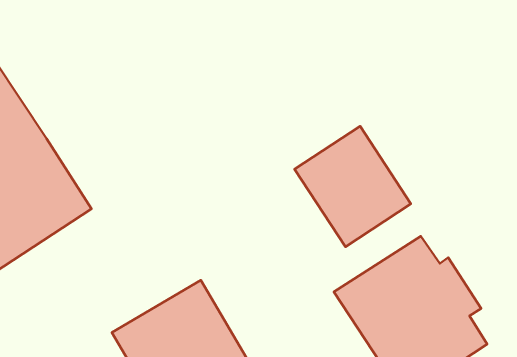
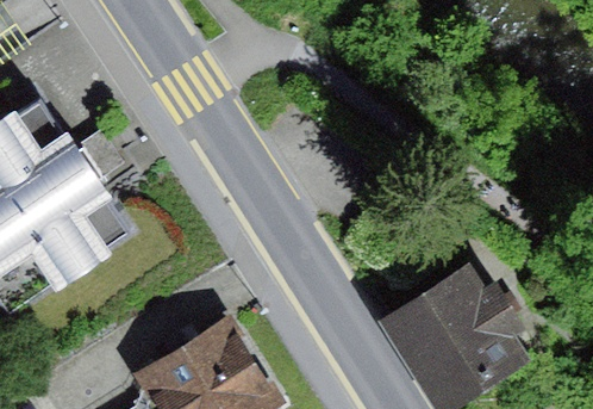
building: [295,126,411,247] -> none

